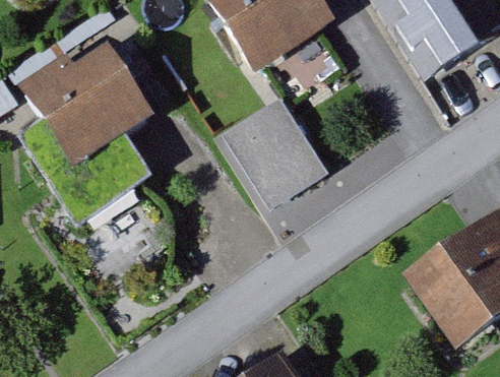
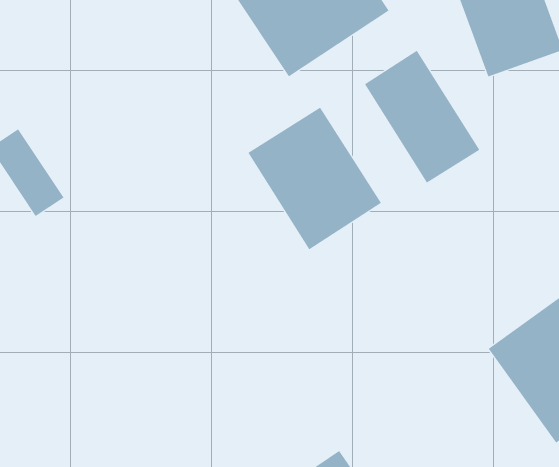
building: [30,39,158,164] -> none
building: none -> [364,50,480,184]

